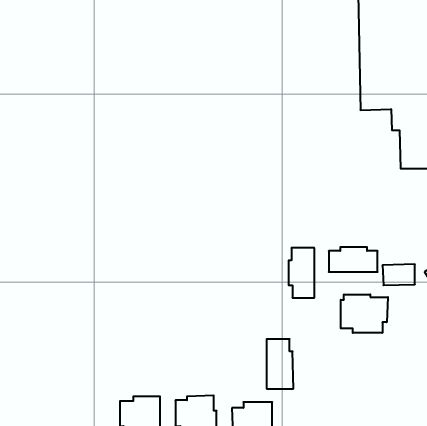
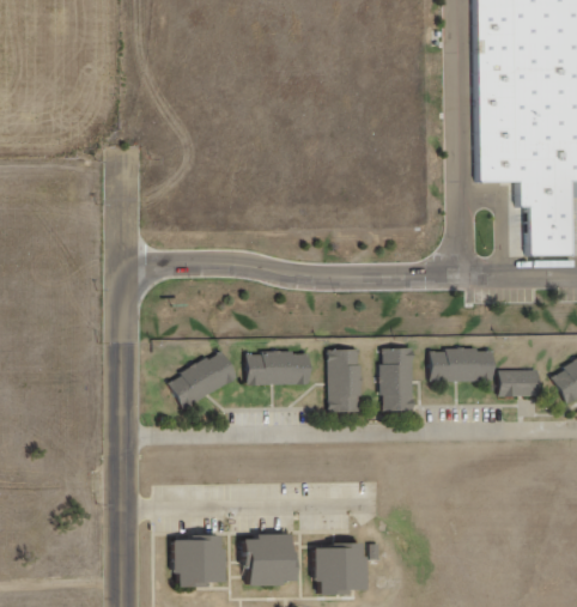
building: none -> [249,352,312,384]
building: none -> [170,353,238,408]
building: [341,294,388,333] -> none
building: [267,339,293,389] -> [334,351,368,413]

